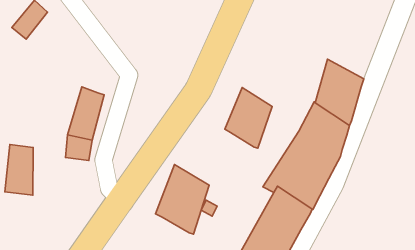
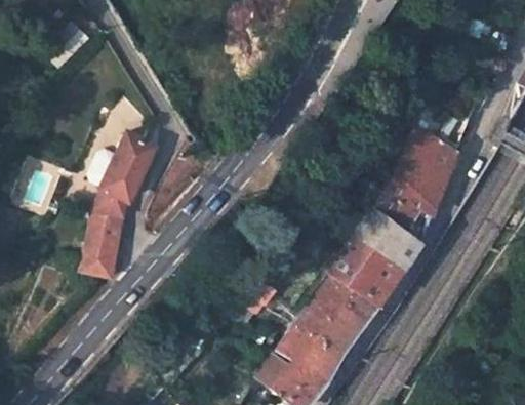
building: [225,88,272,148] -> none
building: [5,145,33,195] -> [80,215,119,278]
building: [155,165,209,234] -> none

